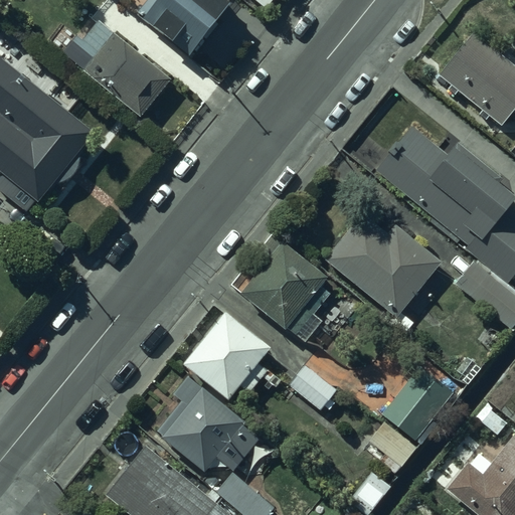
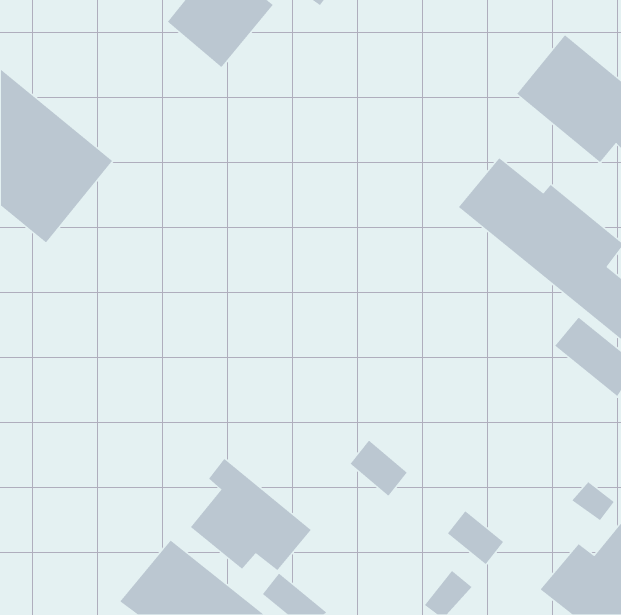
building: [62,19,171,115] -> none
building: [327,216,442,316] -> none
building: [241,243,329,331] -> none
building: [183,315,268,400] -> none
building: [385,369,455,441] -> none

